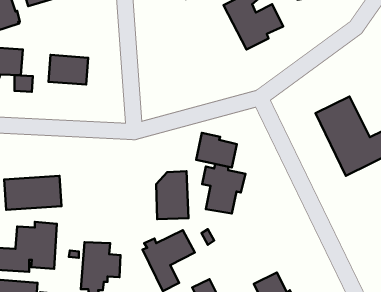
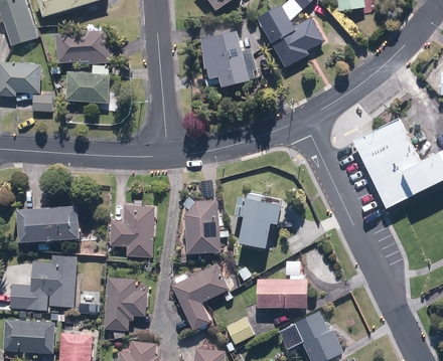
building: none -> [57,32,112,64]
building: none -> [204,32,253,89]
building: [196,133,237,167] -> none
building: none -> [110,203,156,256]
building: none -> [257,273,307,306]

